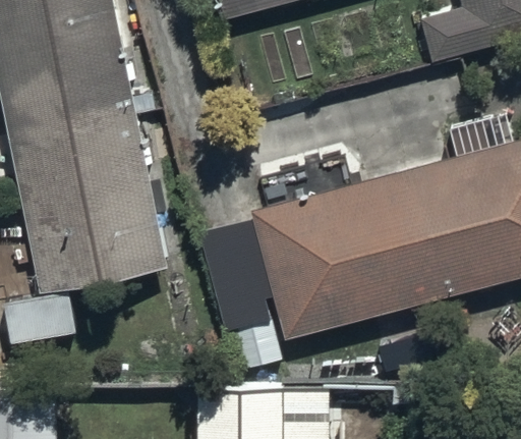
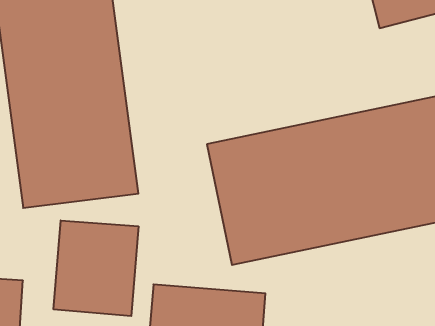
building: none -> [54,220,138,316]

